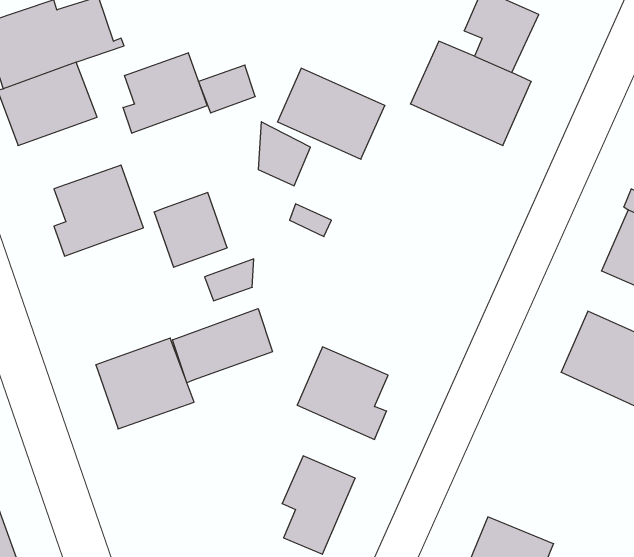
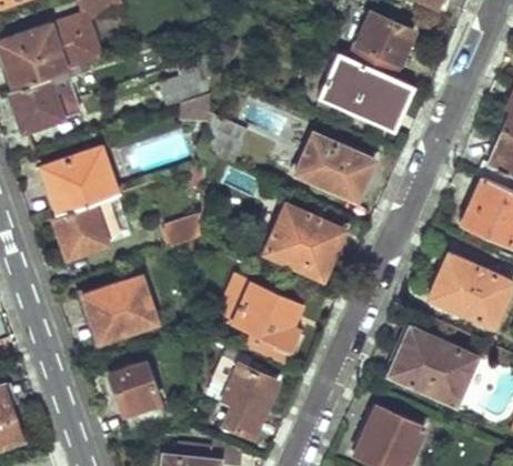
building: [123,53,207,133] -> none
building: [277,68,385,159] -> [294,133,374,201]
building: [154,193,227,267] -> [54,201,109,256]
building: none -> [266,203,345,273]
building: [172,309,273,383] -> none
building: none -> [389,326,477,404]
building: none -> [109,359,165,429]

